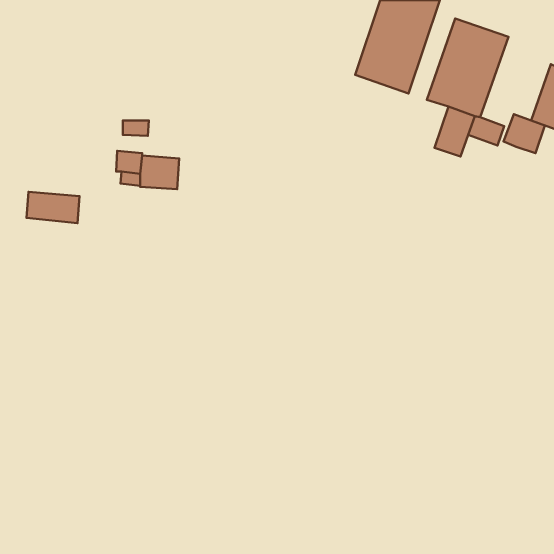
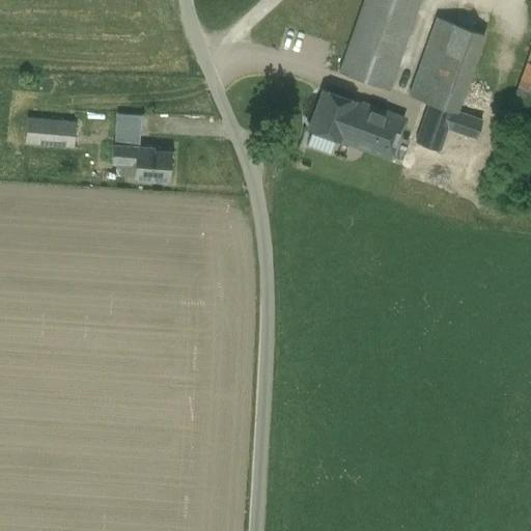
building: none -> [311,91,408,157]
building: [503,114,545,153] -> none
building: [26,192,80,223] -> [26,118,77,148]

